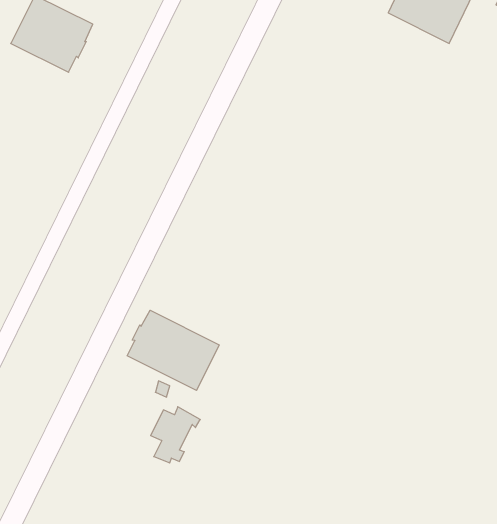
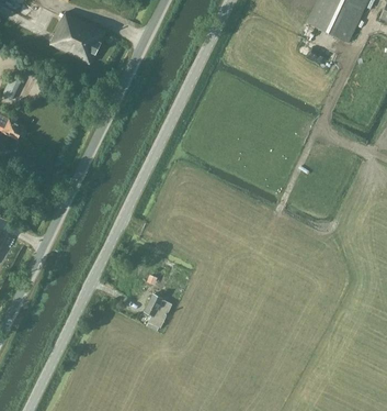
building: [127,310,219,390] -> none

